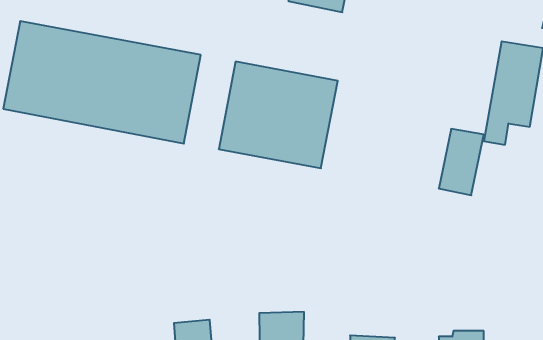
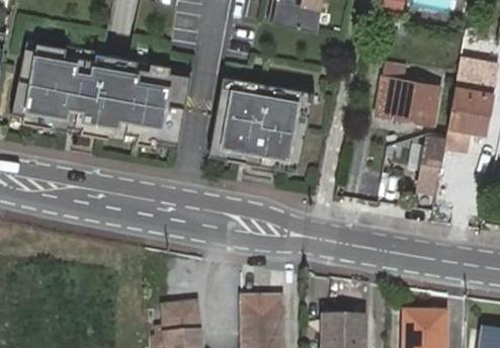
building: none -> [377,57,441,120]

